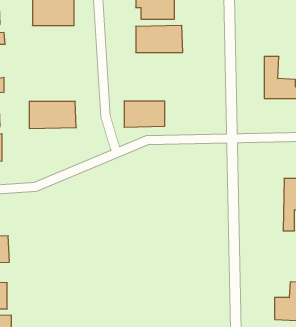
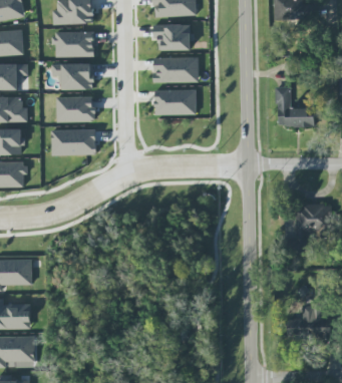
building: none -> [52,63,95,89]
building: none -> [57,96,95,122]
building: [124,101,165,127] -> [156,89,196,114]

